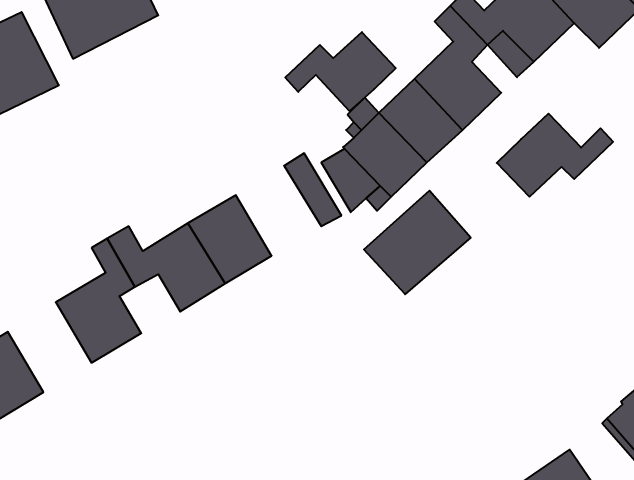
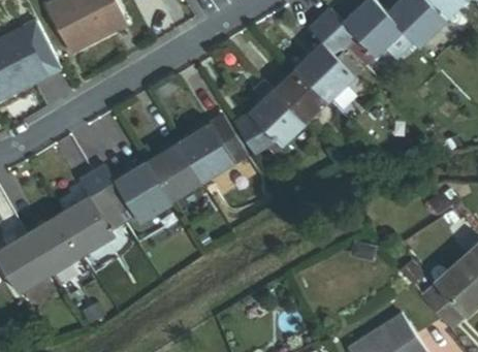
building: [285,32,396,111] -> none
building: [497,114,613,197] -> none
building: none -> [178,124,234,184]
building: [364,191,471,294] -> none
building: none -> [26,215,82,275]

